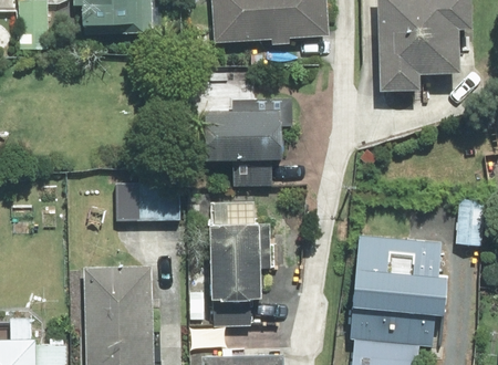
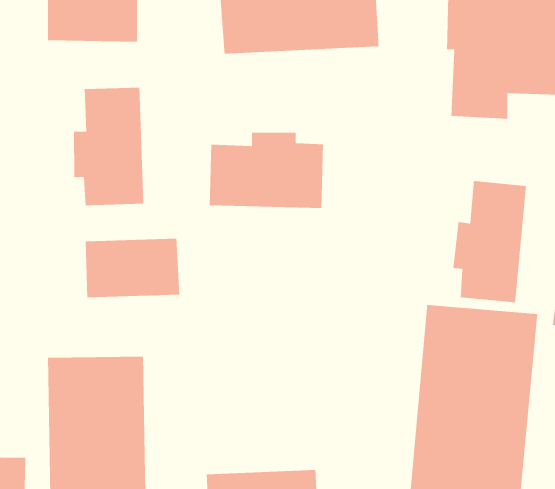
building: none -> [73,87,144,206]
building: none -> [452,180,527,303]
building: [212,200,261,304] -> none

